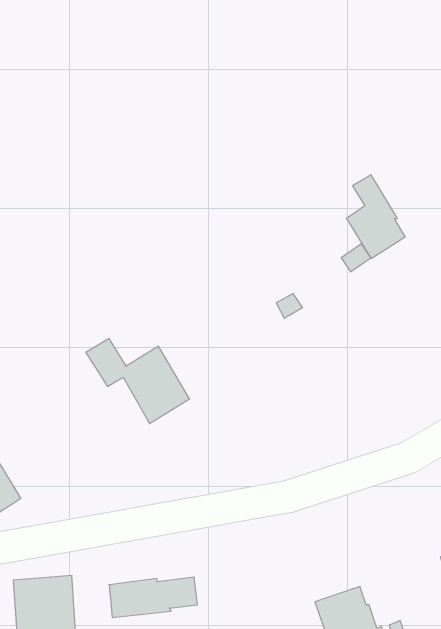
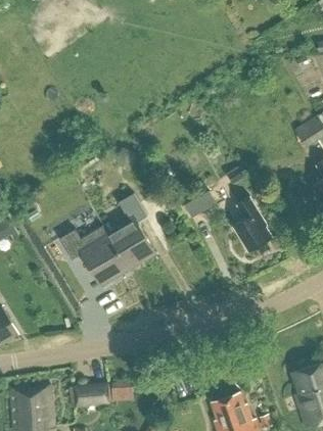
building: [346,175,405,259] -> [233,196,272,251]
building: none -> [107,193,154,268]

